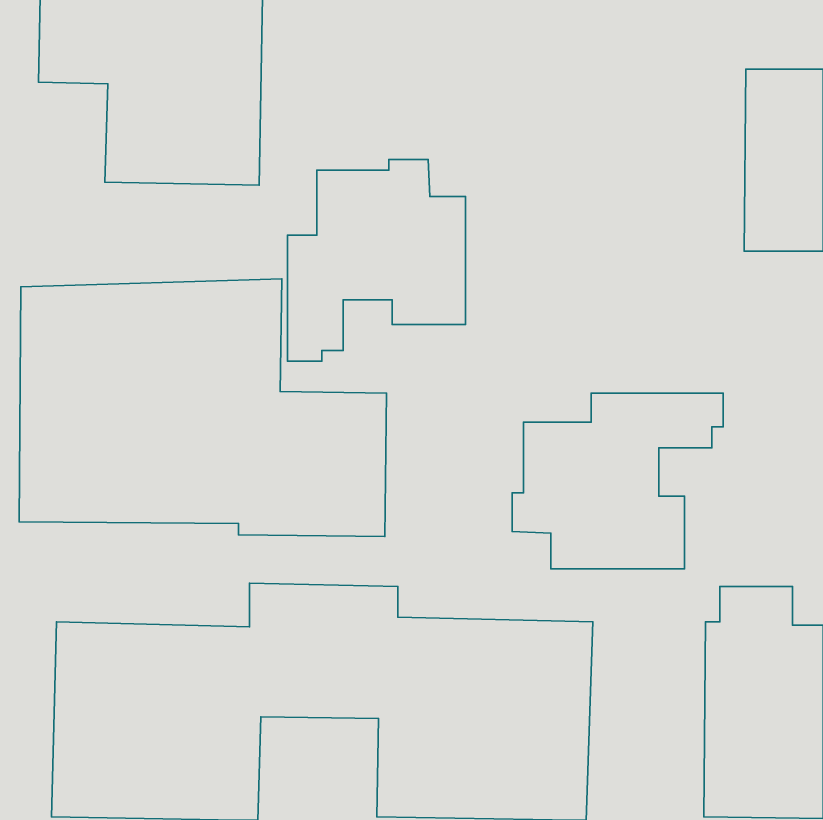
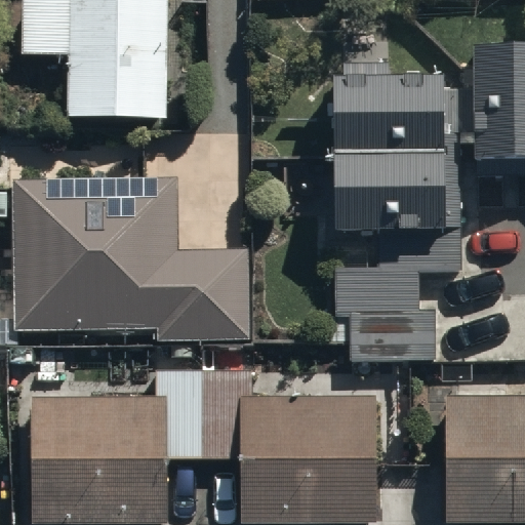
building: none -> [335,62,458,234]
building: [288,160,466,361] -> none

